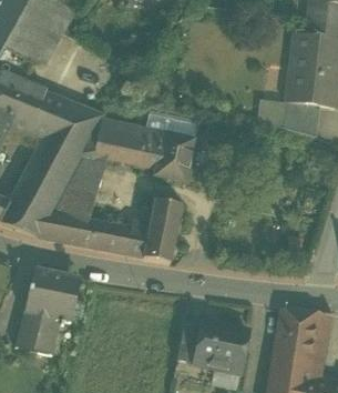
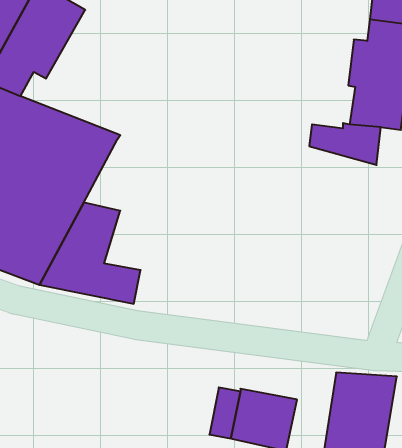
building: [73,115,197,183] -> none
building: [114,200,181,262] -> none
building: [16,268,81,354] -> none

